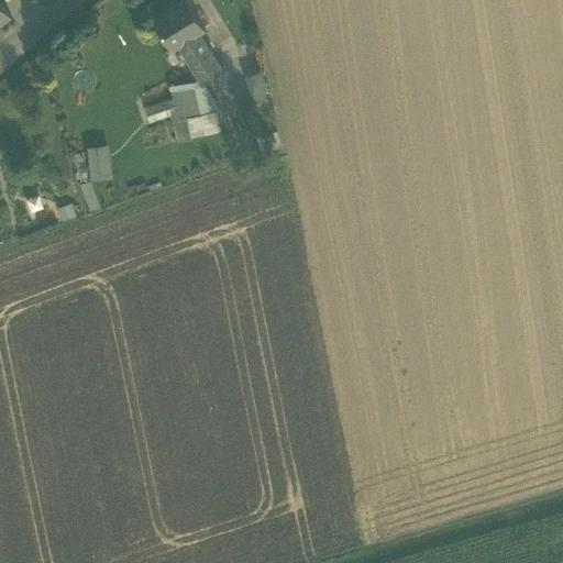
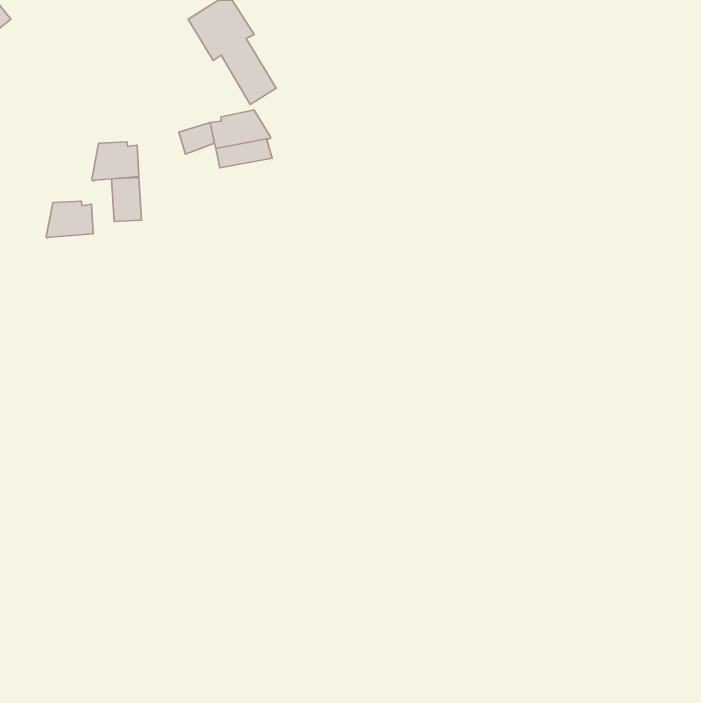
building: none -> [92,142,139,181]
building: none -> [46,201,93,238]

